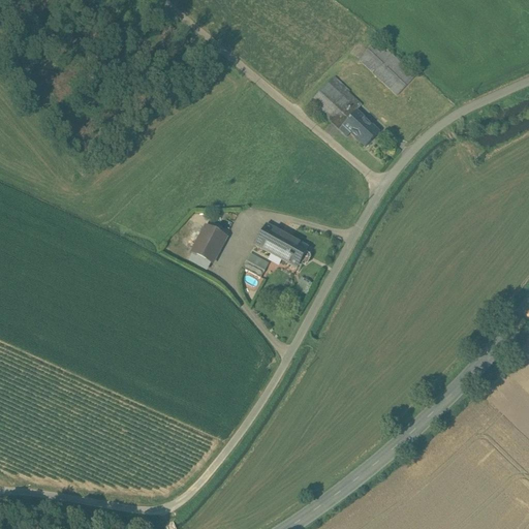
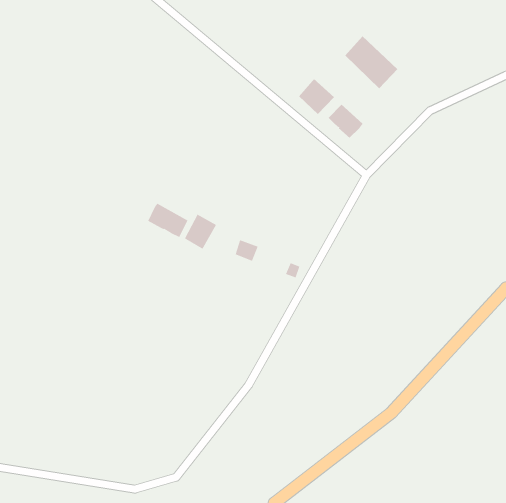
building: [328,76,362,132] -> none
building: none -> [147,203,188,238]
building: [255,222,308,266] -> none

